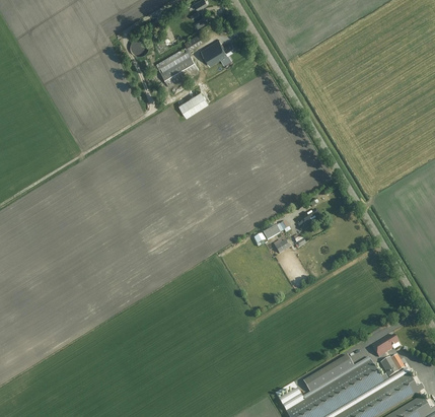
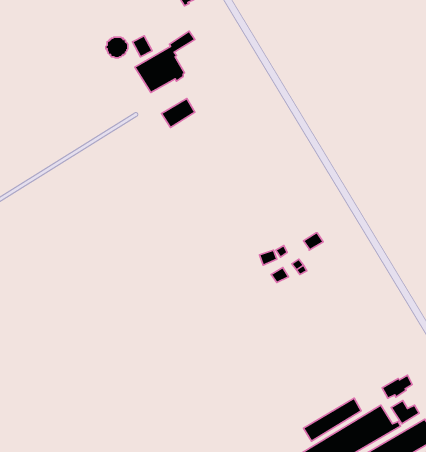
building: [200,41,234,66] -> none

